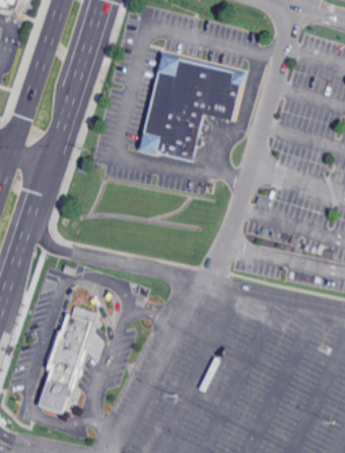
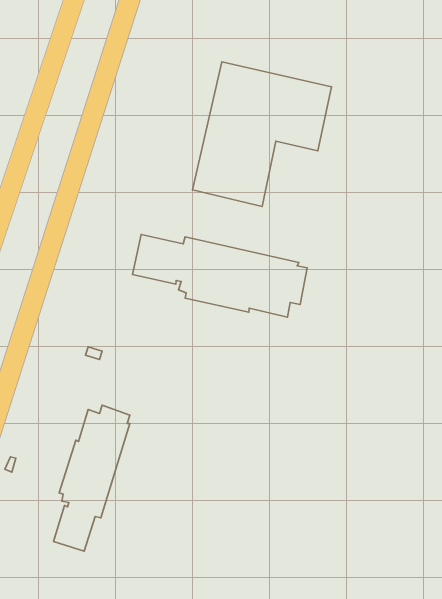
building: none -> [132,235,307,317]

